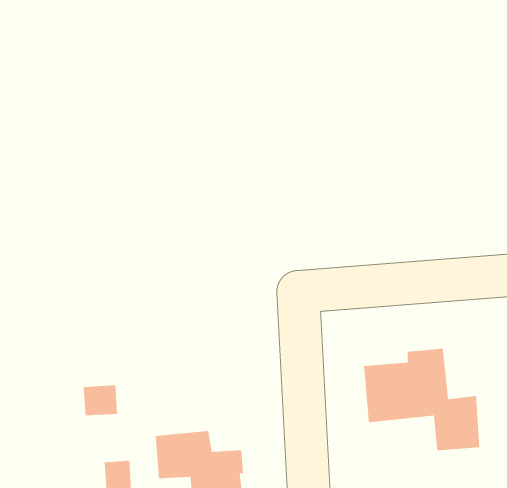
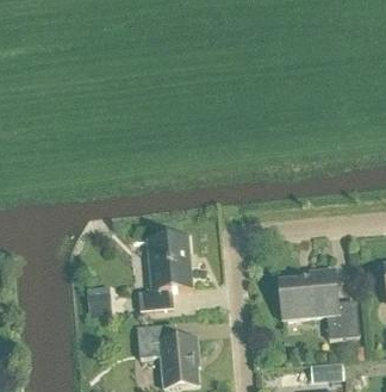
building: none -> [138,235,192,311]

